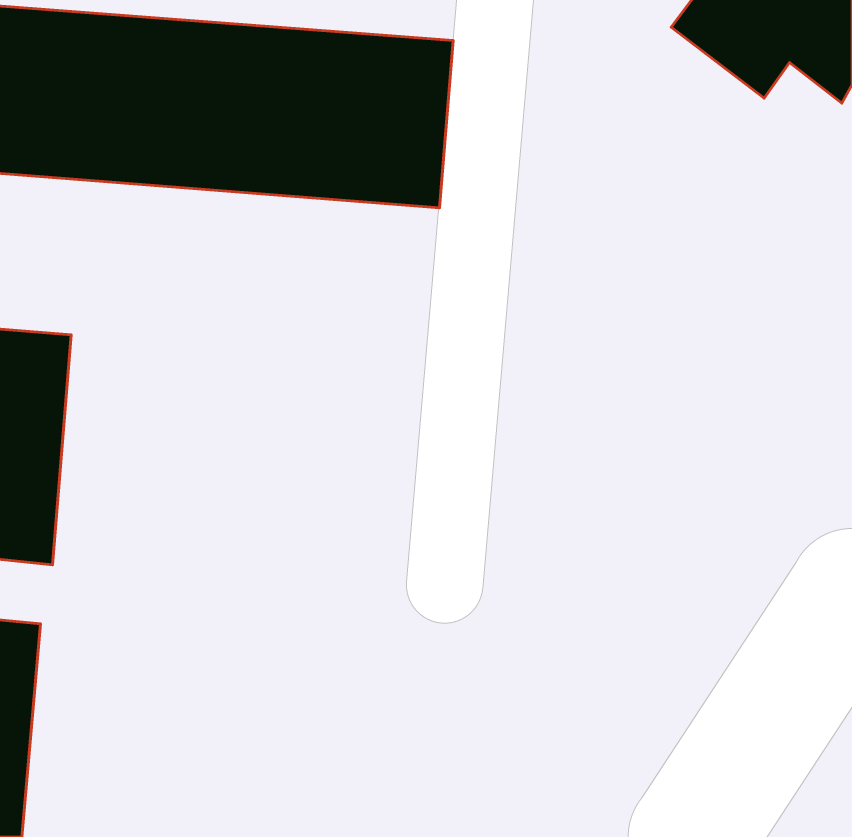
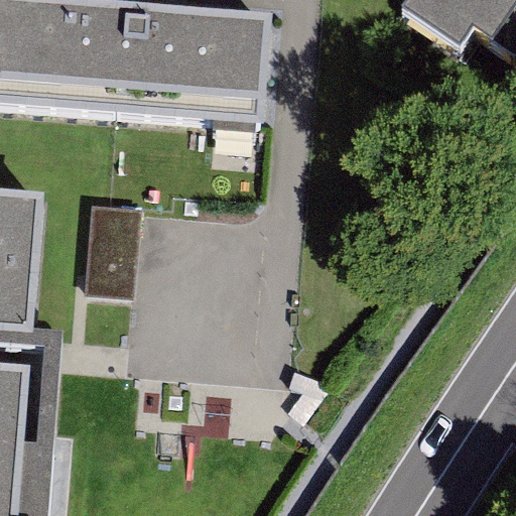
building: none -> [83,206,142,290]

